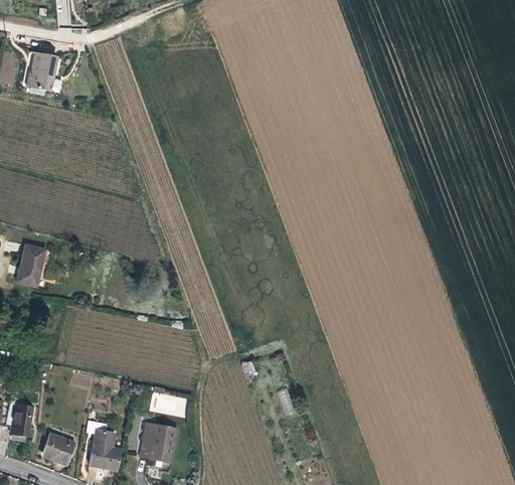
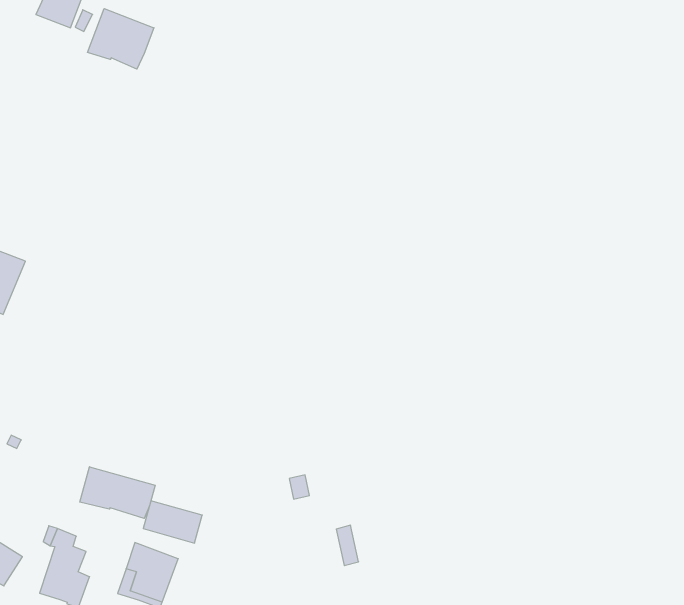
building: none -> [87,9,154,69]
building: none -> [80,467,155,518]

